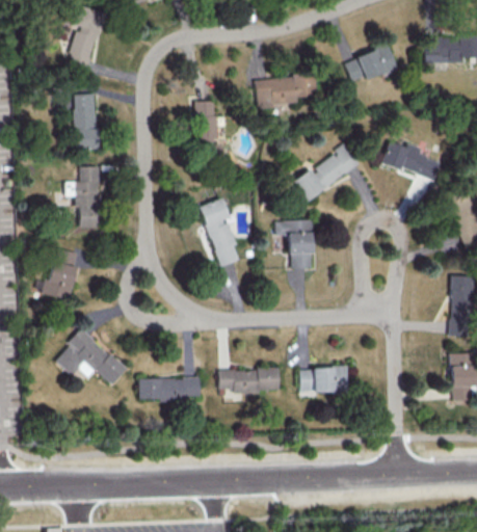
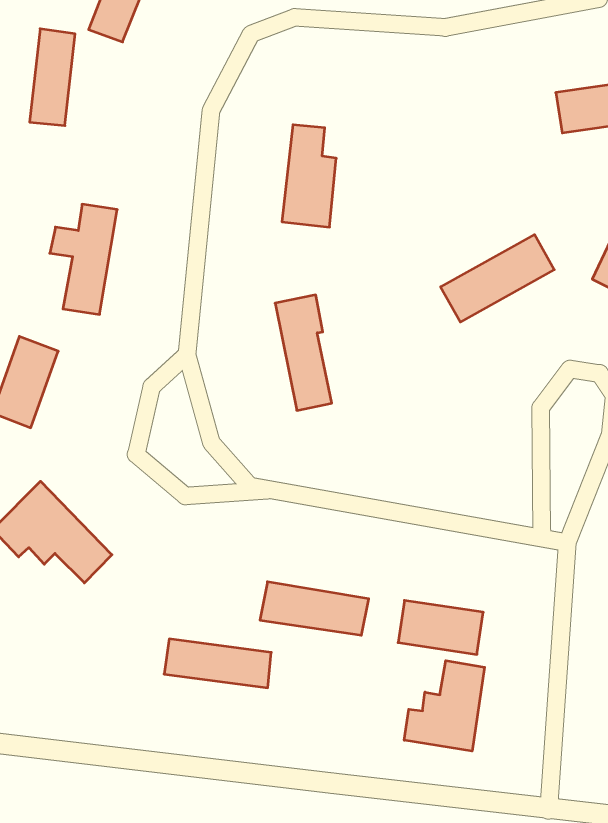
building: [255,74,317,107] -> none
building: [73,94,96,149] -> [30,29,75,126]
building: [275,219,313,268] -> none
building: [139,377,201,399] -> [164,639,271,688]
building: none -> [404,661,485,751]

